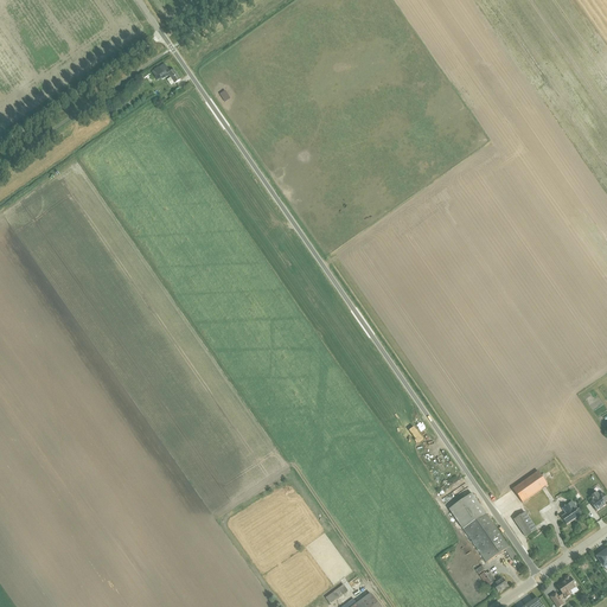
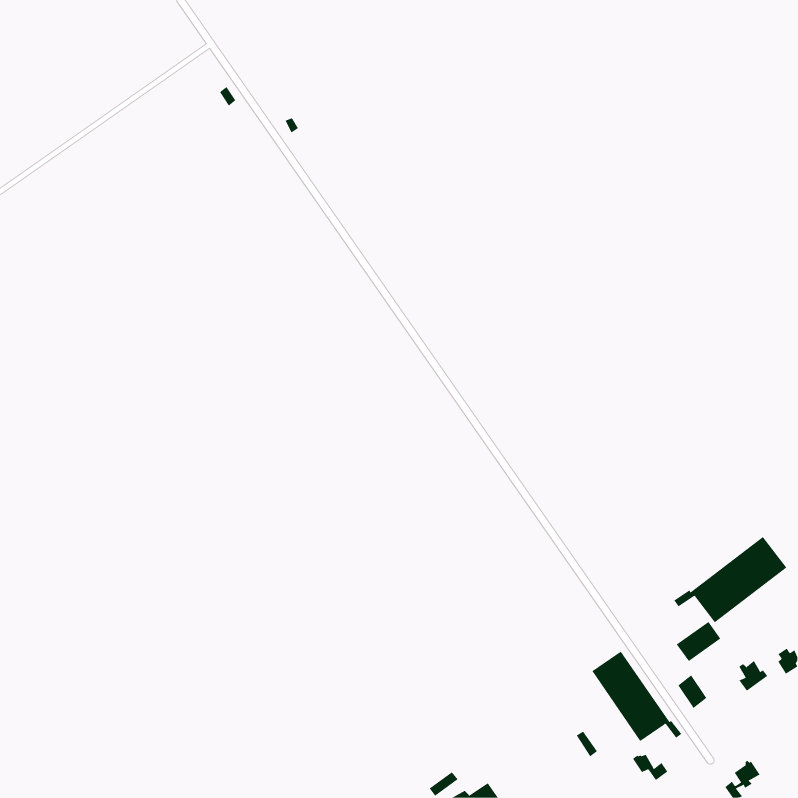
building: none -> [674,536,787,623]

